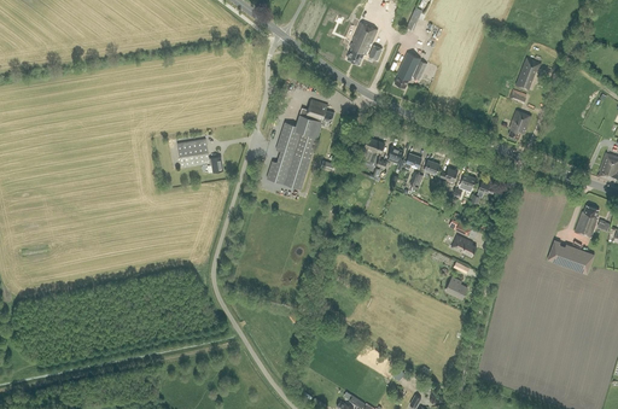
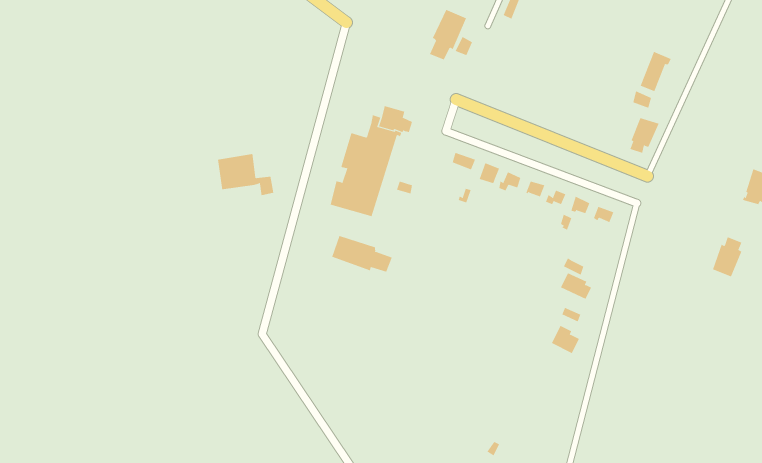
building: [393,52,426,88] -> none
building: none -> [331,235,393,273]
building: [547,239,594,274] -> none

